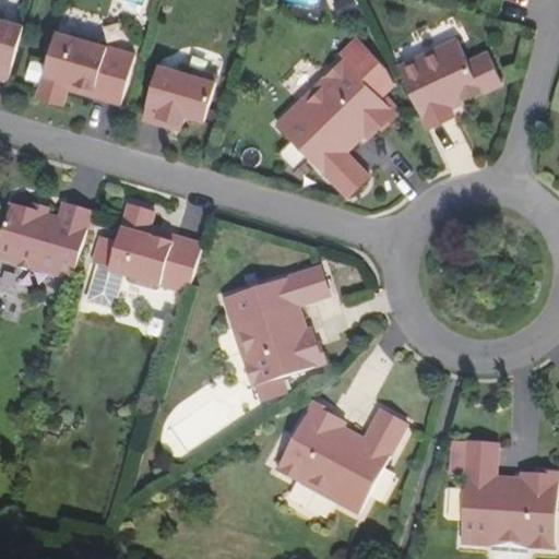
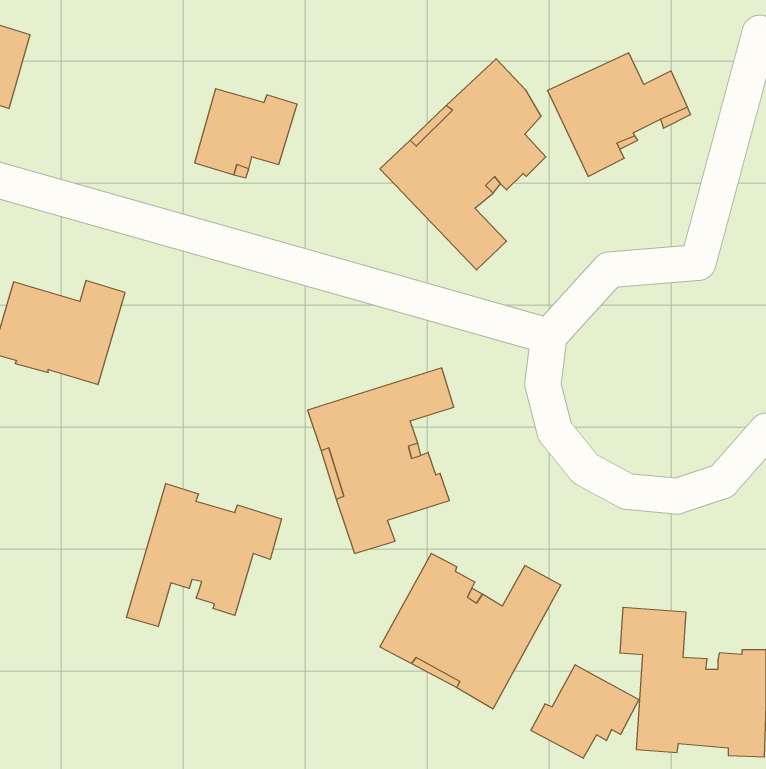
building: [35,31,133,103] -> none
building: [86,204,201,307] -> none
building: none -> [127,483,281,627]
building: none -> [531,665,639,758]

